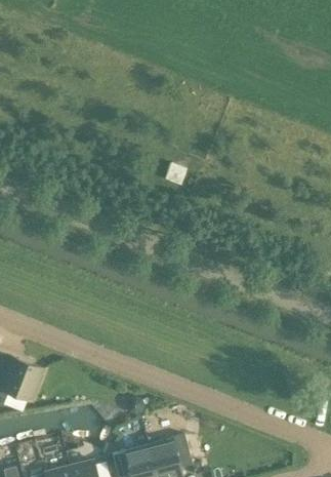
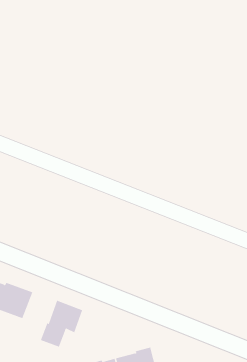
building: none -> [40,300,83,348]

